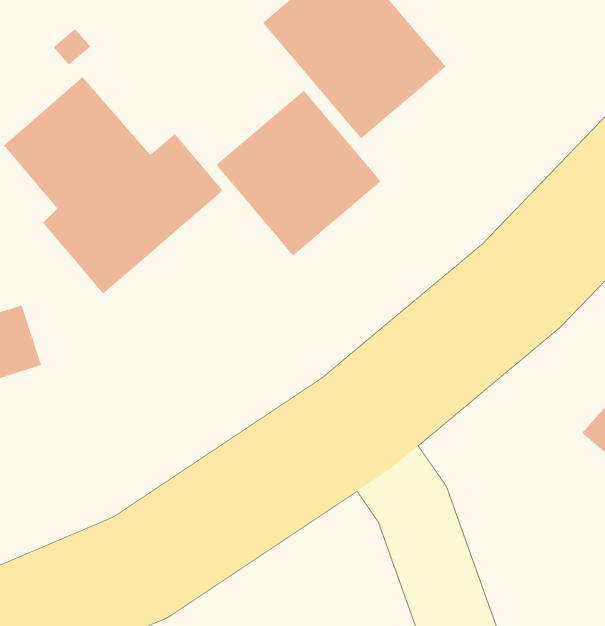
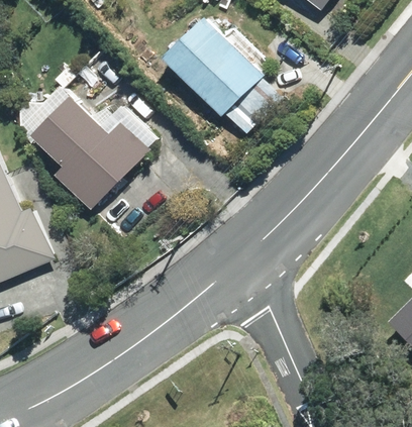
building: [215,90,382,256] -> none

